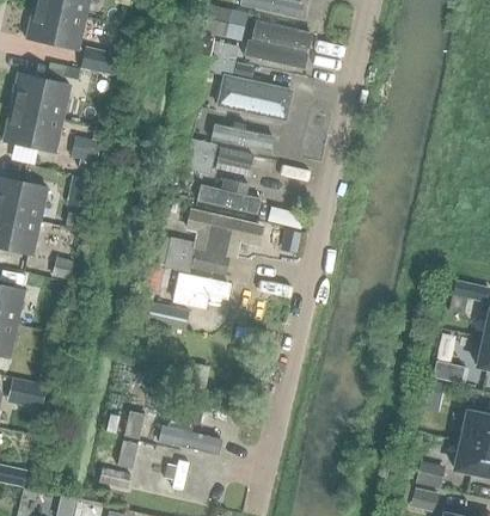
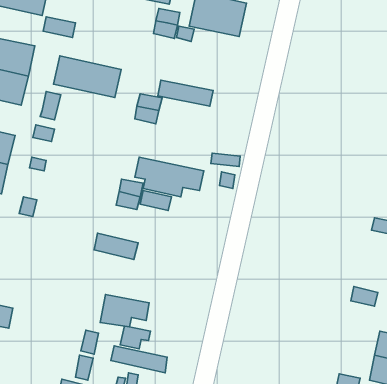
building: [215,75,293,123] -> [53,56,121,98]
building: [214,147,252,174] -> none
building: [195,179,261,219] -> none
building: [172,272,228,309] -> [100,294,149,327]

